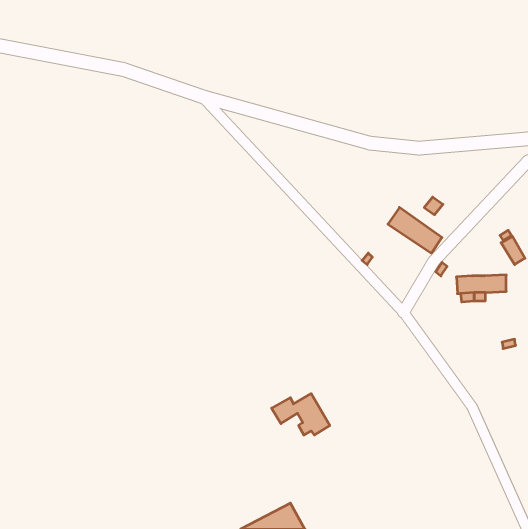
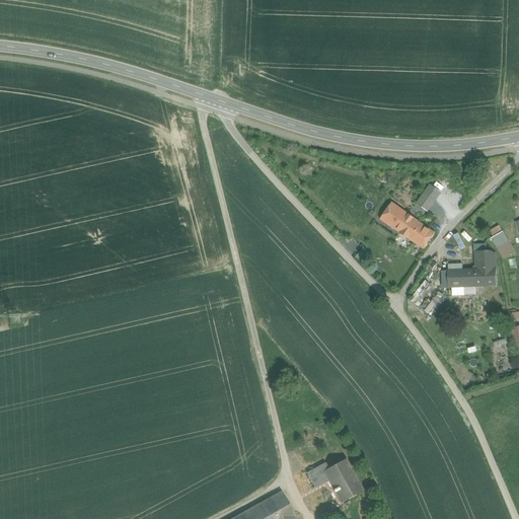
building: none -> [472,250,495,270]
building: [272,394,330,435] -> [305,458,362,499]

